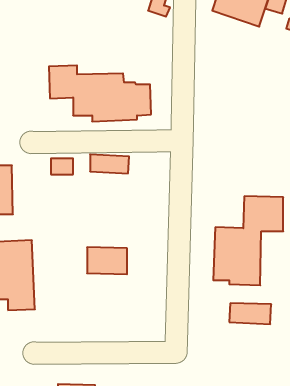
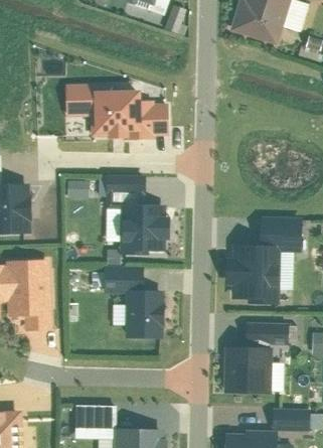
building: none -> [122,205,166,252]
building: none -> [126,295,160,339]
building: none -> [224,346,273,394]

